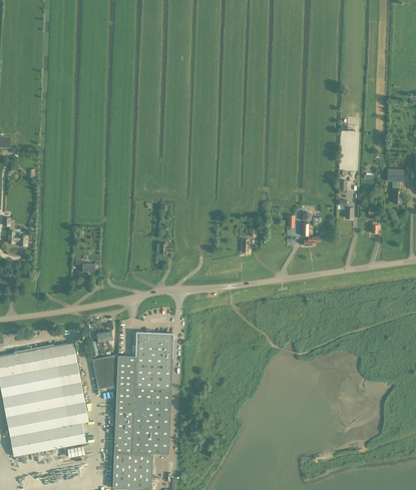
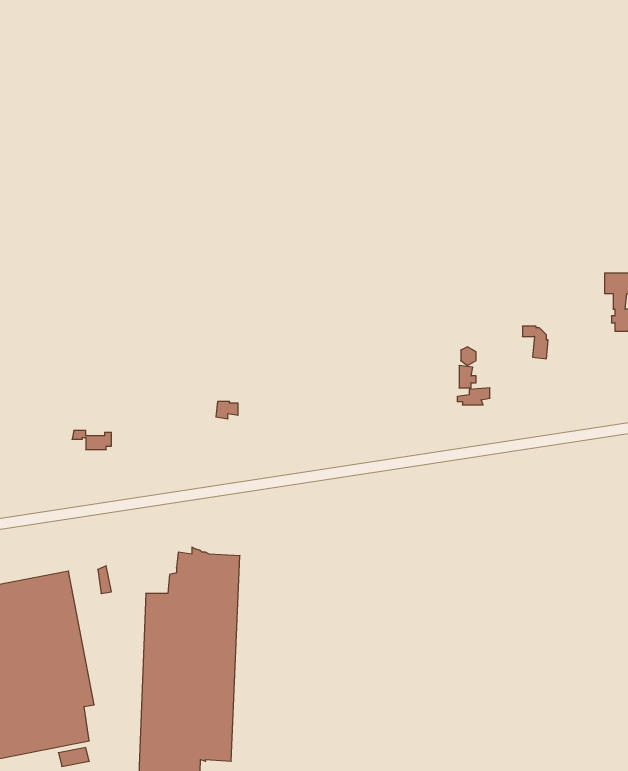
building: [92,355,117,389] -> none

